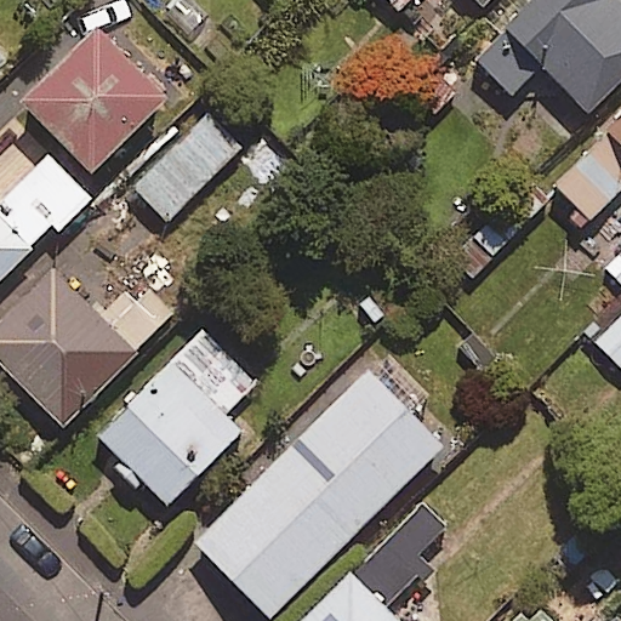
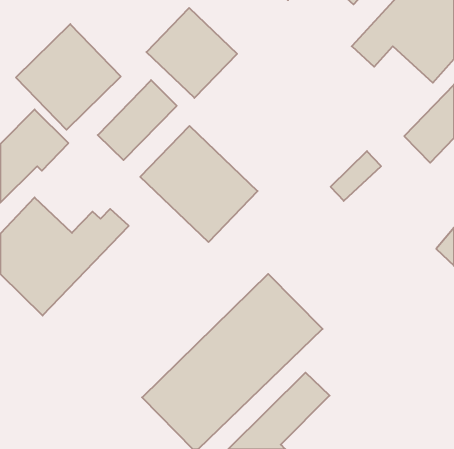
building: none -> [146,8,237,98]
building: none -> [140,126,258,242]
building: [95,317,264,506] -> none

